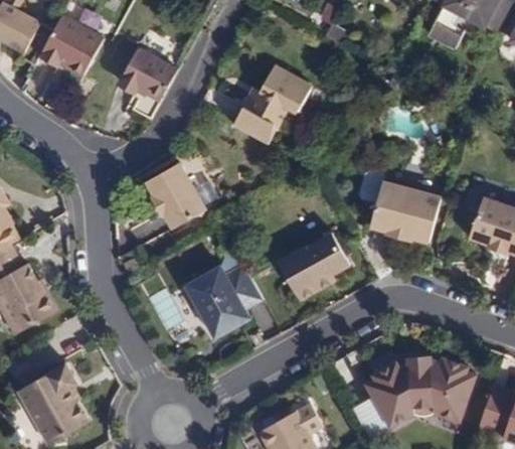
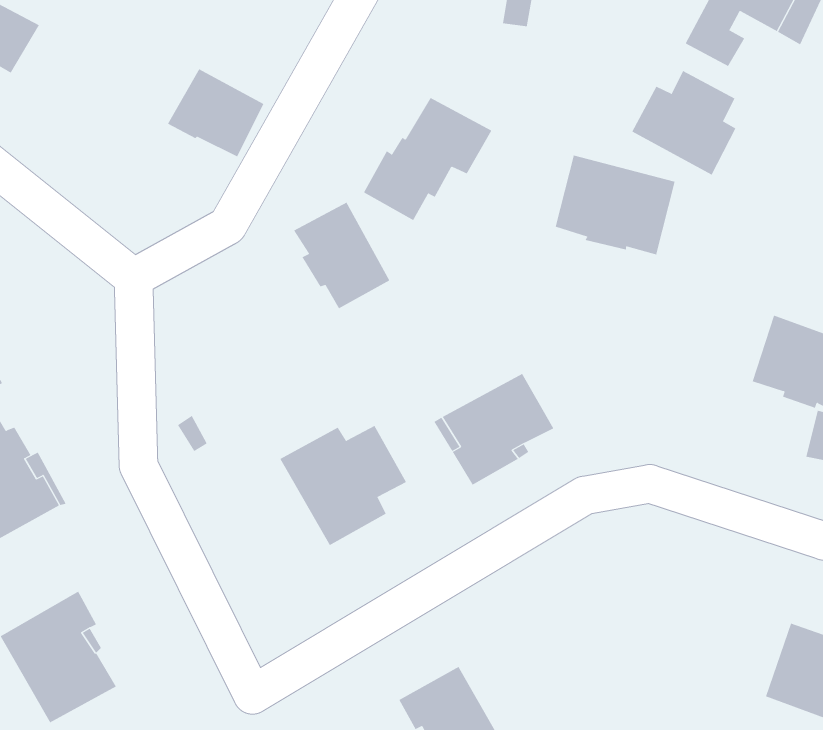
building: [38,17,101,76] -> none
building: none -> [632,70,736,176]
building: [147,162,205,227] -> [293,202,390,309]
building: [368,181,441,242] -> [555,155,675,255]
building: [352,356,474,436] -> none

